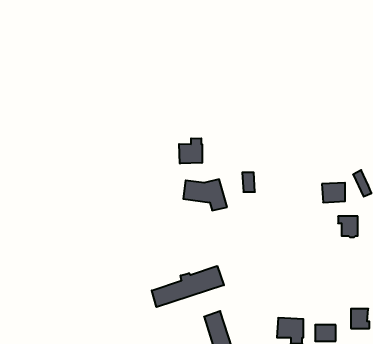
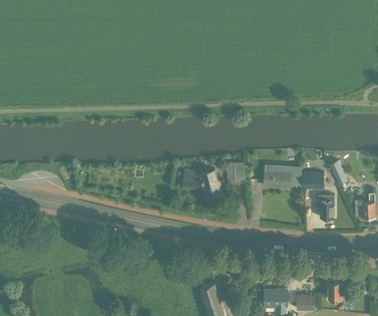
building: [179,138,202,164] -> none
building: none -> [263,165,301,188]
building: [152,266,224,307] -> none

